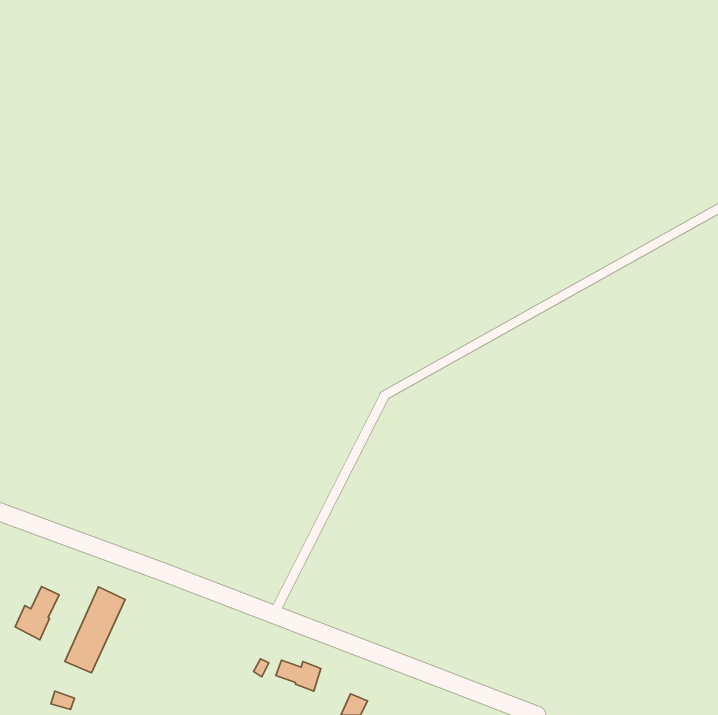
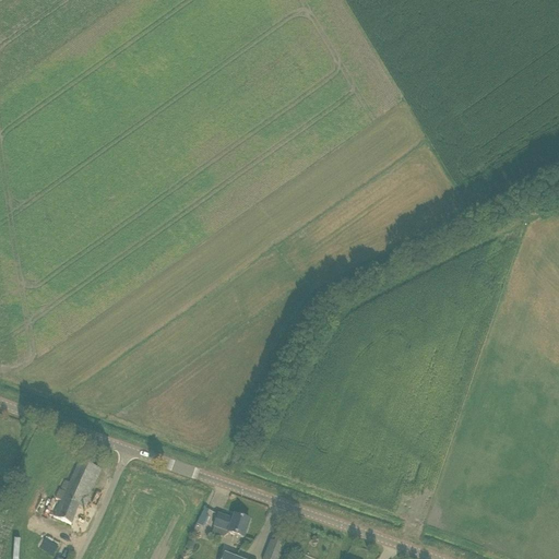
building: [15,586,59,640] -> none

